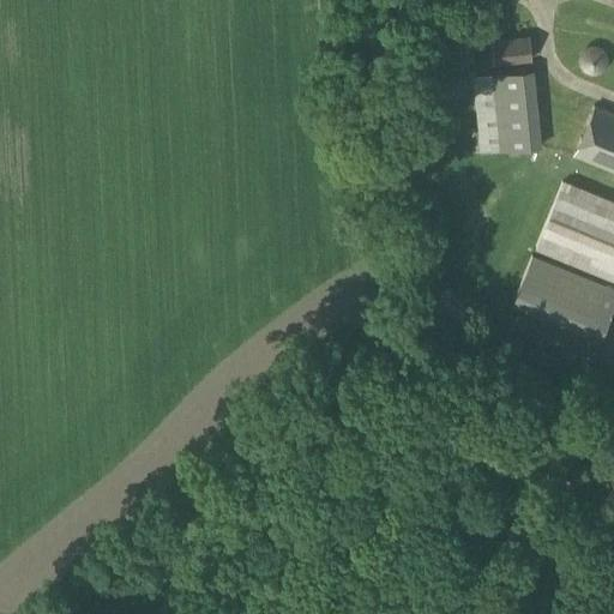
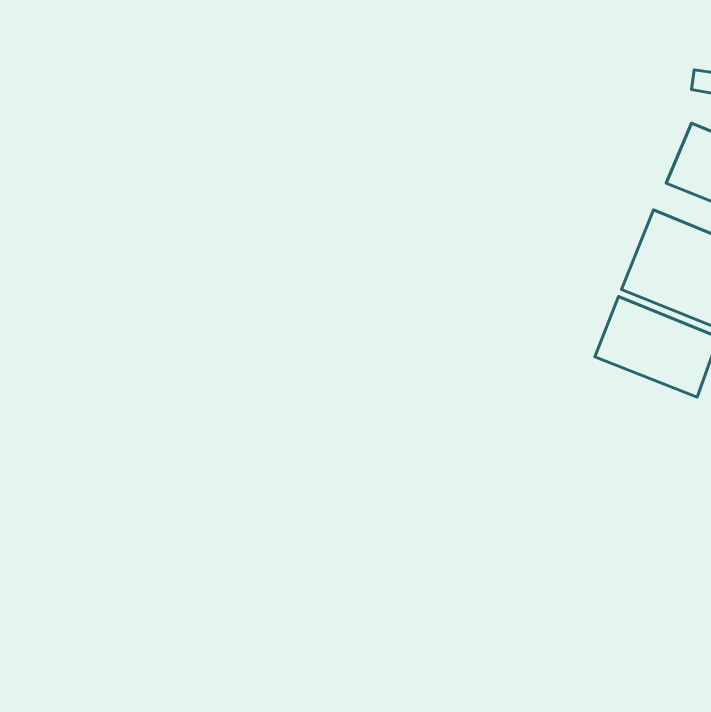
building: [492,37,534,68] -> none
building: [474,72,543,155] -> none

